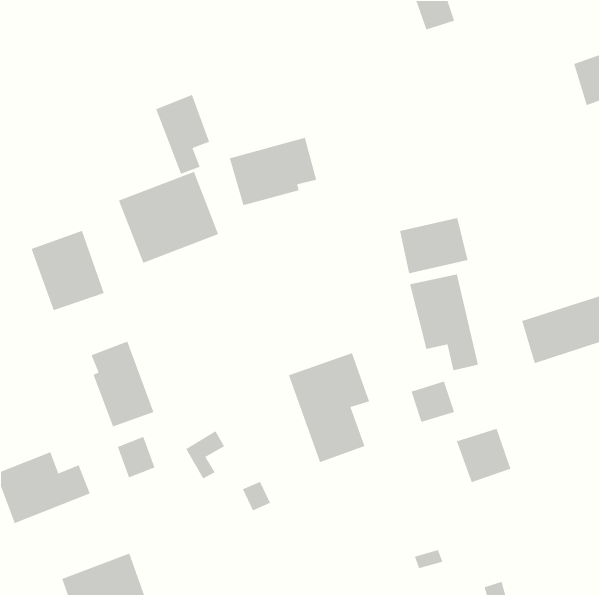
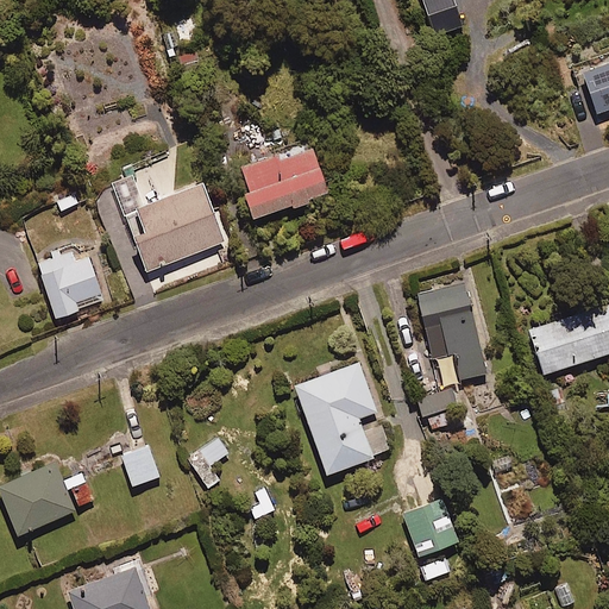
building: [155,94,210,175] -> none
building: [399,217,468,274] -> none
building: [90,341,155,427] -> none
building: [456,428,511,483] -> [402,501,458,557]

